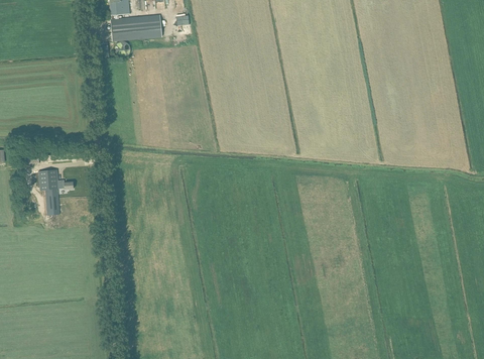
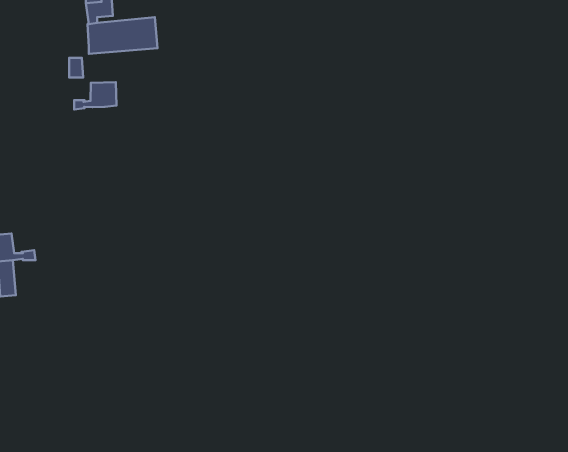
building: none -> [74,82,116,109]

